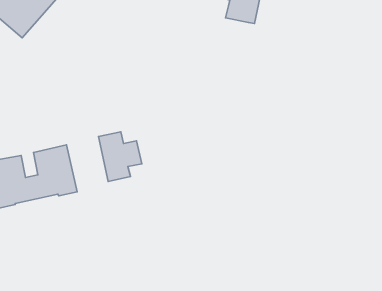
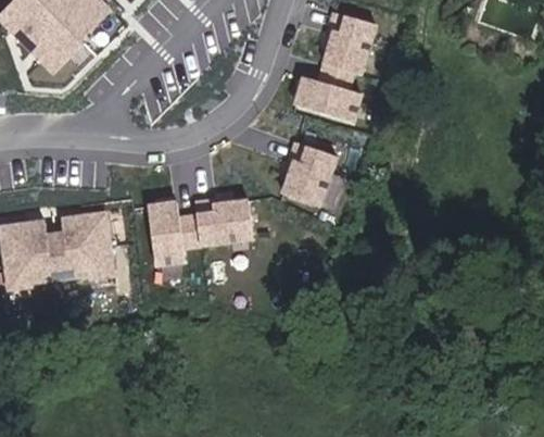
building: none -> [295,64,360,122]
building: none -> [282,141,336,205]
building: none -> [194,198,252,245]

